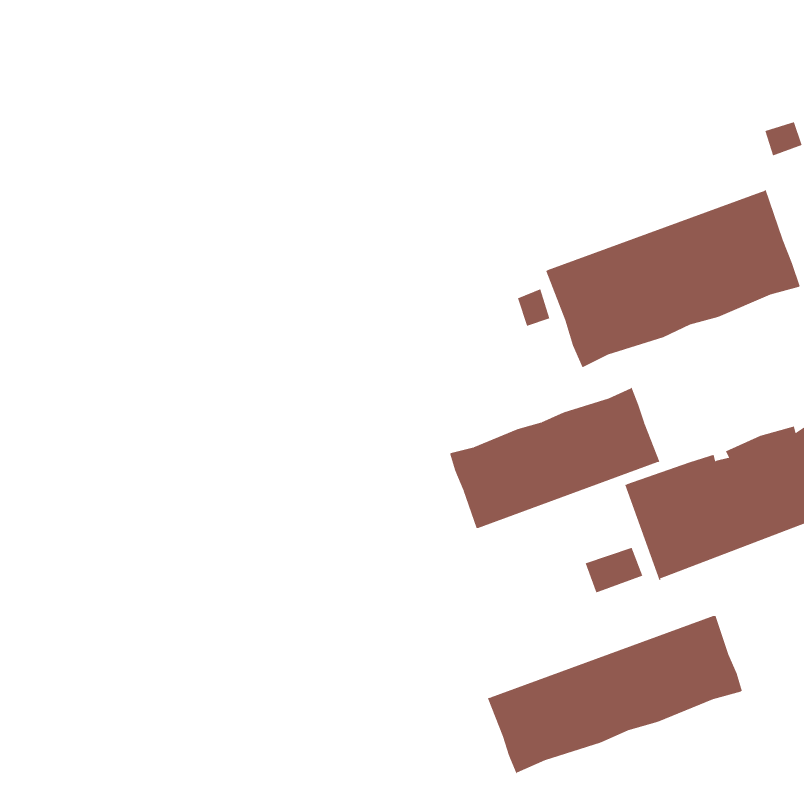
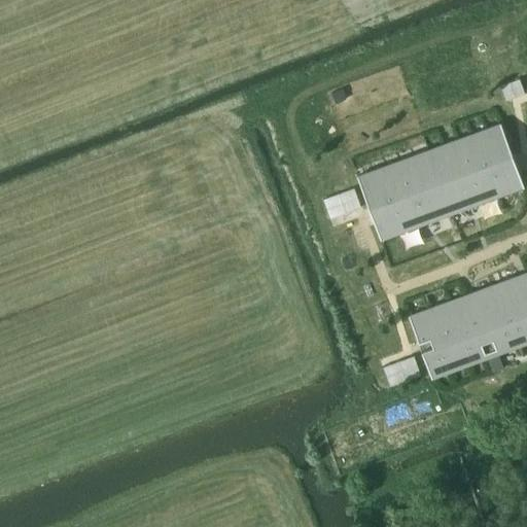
building: [450,387,660,529] -> none
building: [487,615,742,774] -> none

